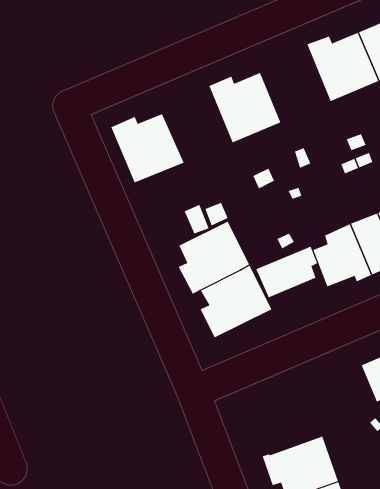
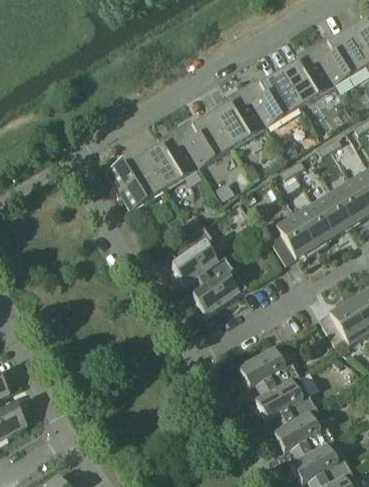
building: none -> [210,87,265,148]
building: none -> [141,129,197,189]
building: [255,246,318,298] -> none
building: none -> [237,348,298,397]

